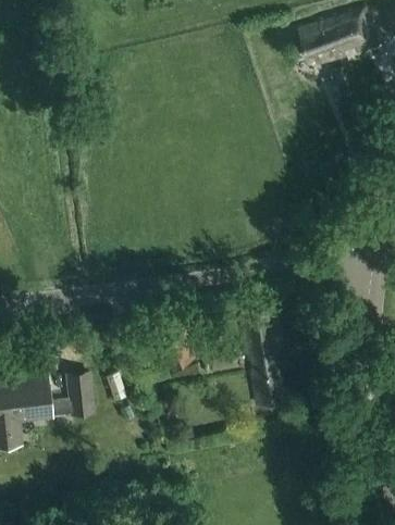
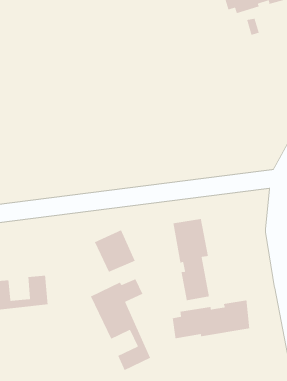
building: none -> [90,278,151,371]
building: none -> [172,299,250,339]

